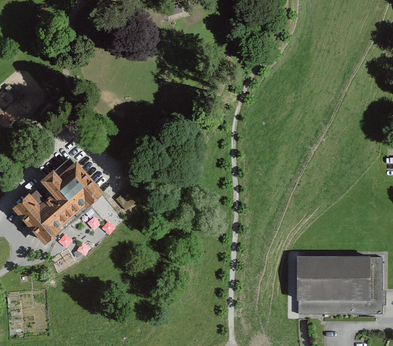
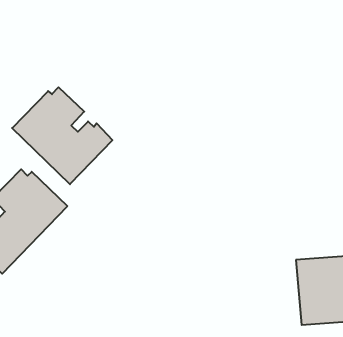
building: none -> [12,87,112,184]

